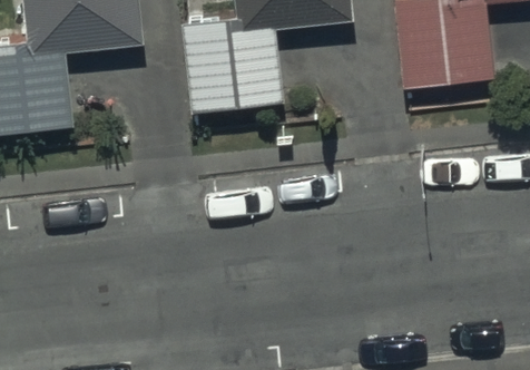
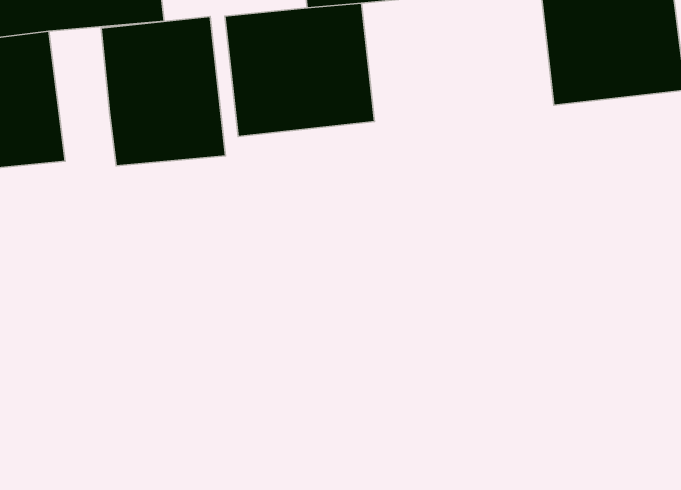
building: none -> [101,16,225,166]

